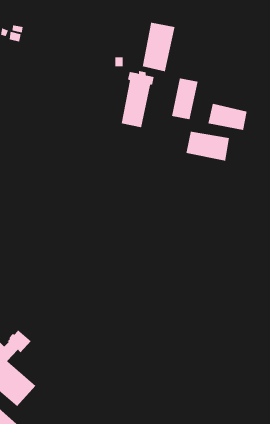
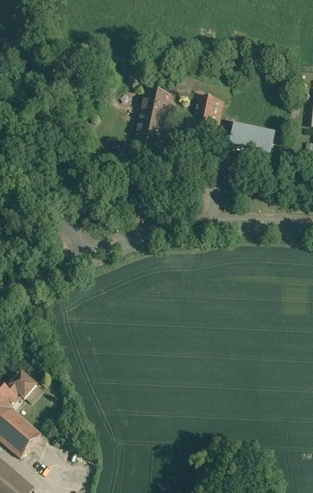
building: [142,22,175,72] -> none
building: [186,131,230,161] -> none

